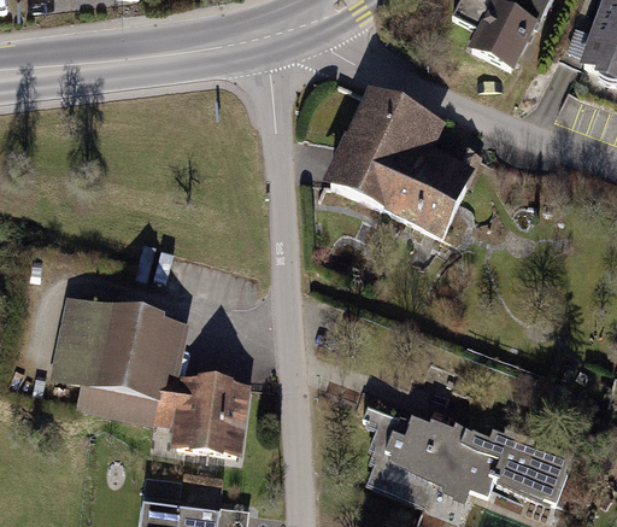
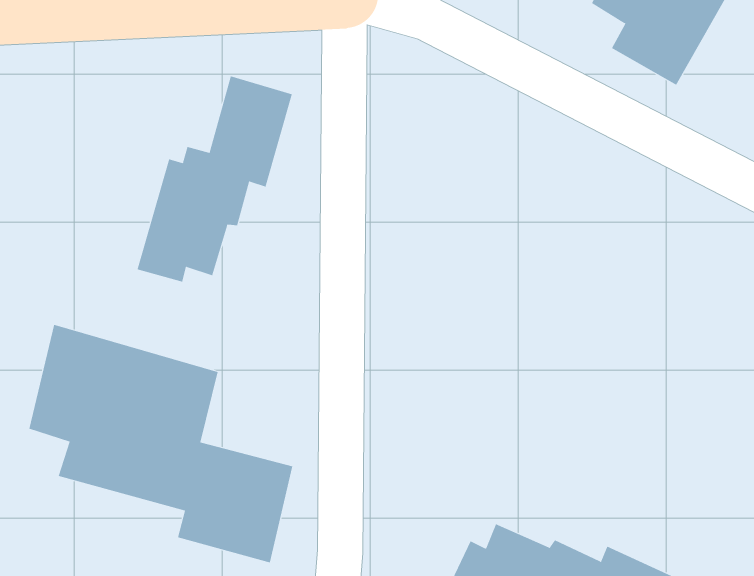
building: [325,92,476,238] -> none
building: none -> [137,76,293,282]

